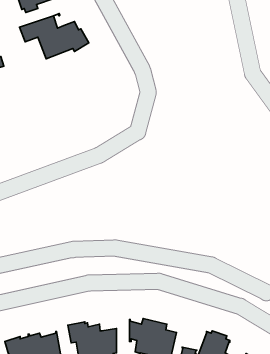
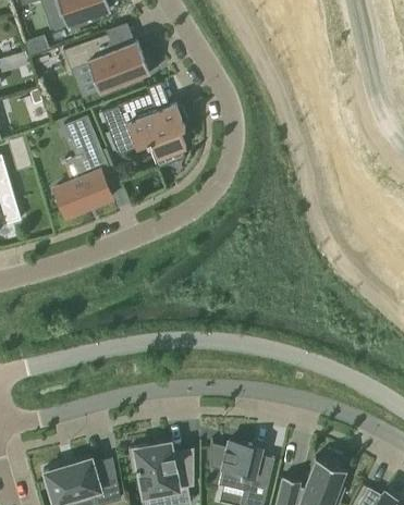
building: none -> [101,94,187,165]
building: none -> [53,116,112,218]

